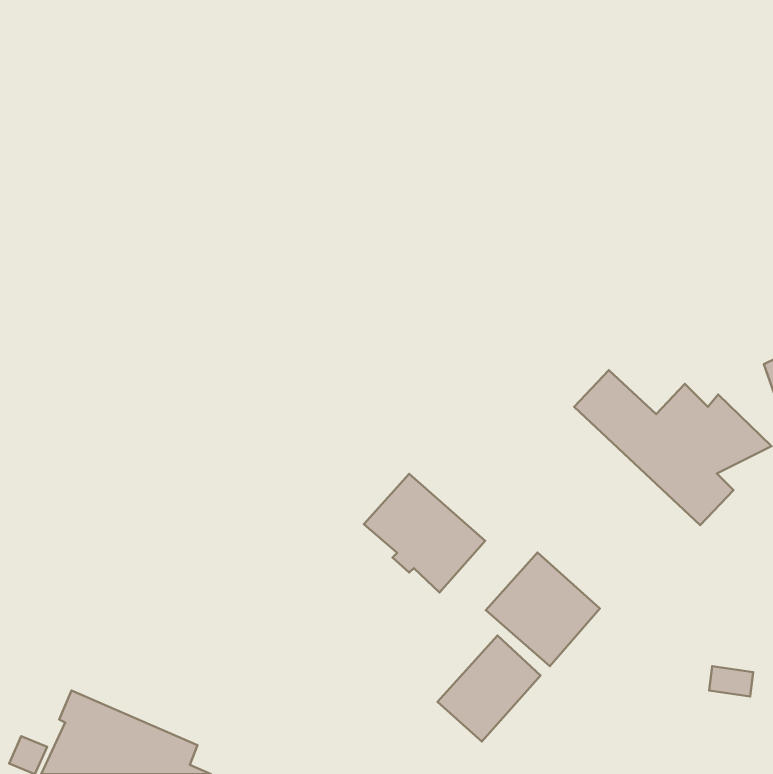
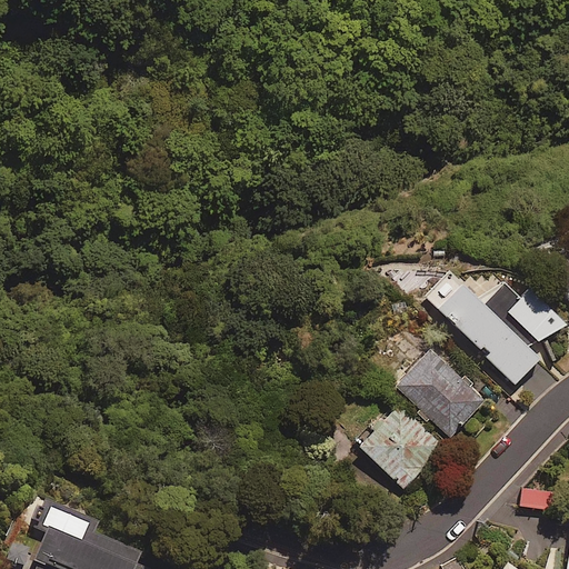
building: [364,474,485,592] -> [395,351,483,438]
building: [437,636,540,741] -> none

